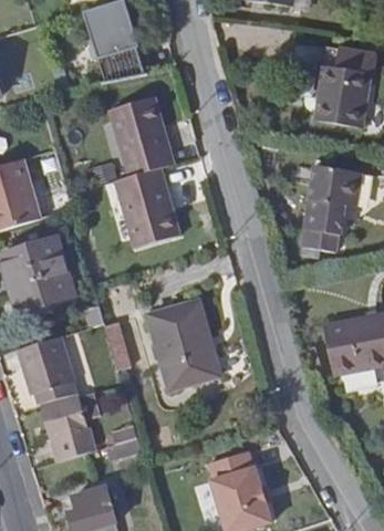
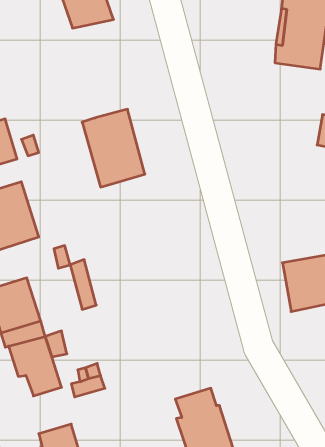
building: [111,94,174,175] -> none
building: [301,163,359,250] -> none
building: [149,304,220,387] -> none

